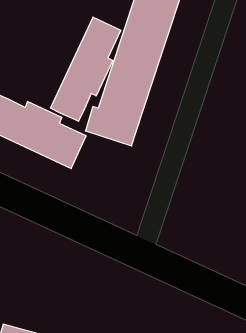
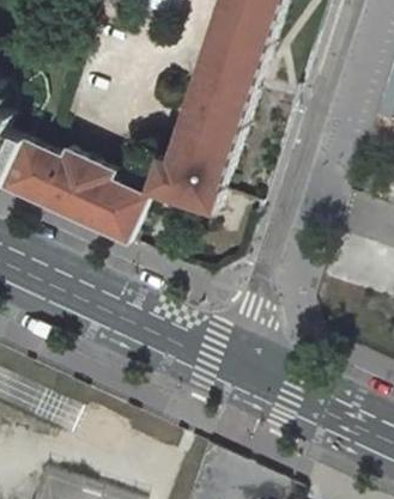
building: [51,17,121,121] -> none

